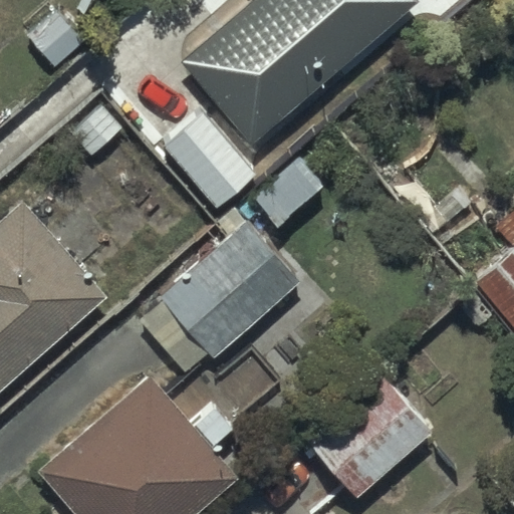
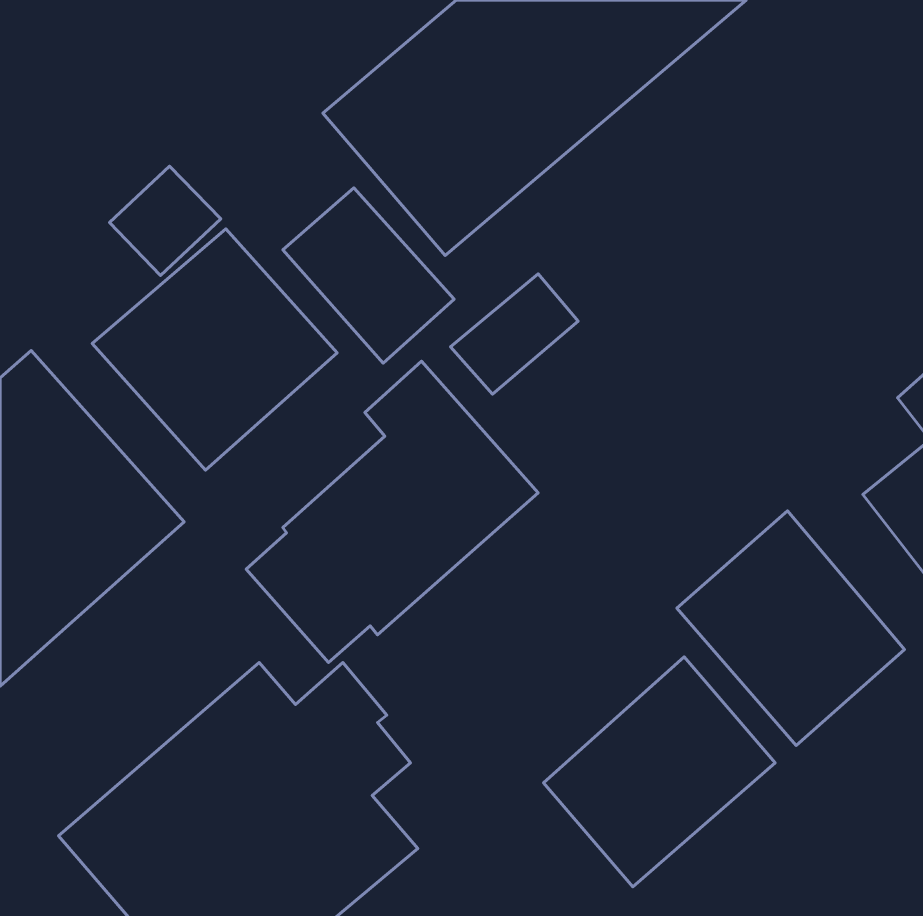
building: none -> [92,229,337,470]
building: none -> [677,511,905,745]

